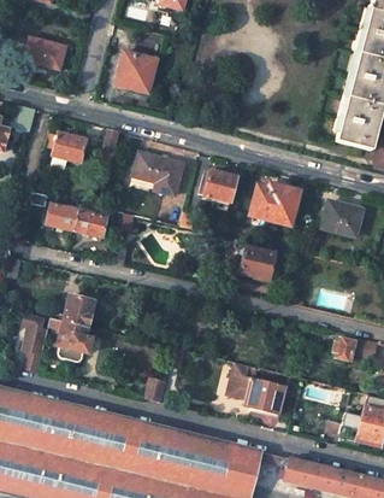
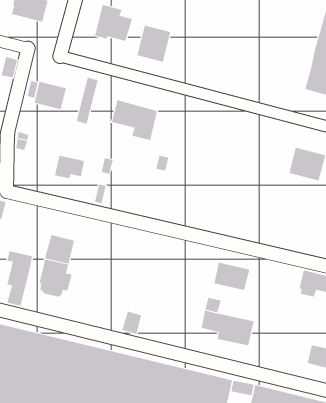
building: none -> [137,25,171,63]
building: [203,171,236,203] -> none
building: [250,183,297,223] -> none
building: [46,204,78,233] -> none
building: [241,242,276,282] -> none
building: none -> [214,262,250,291]

